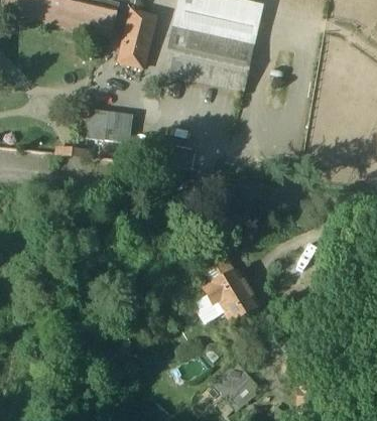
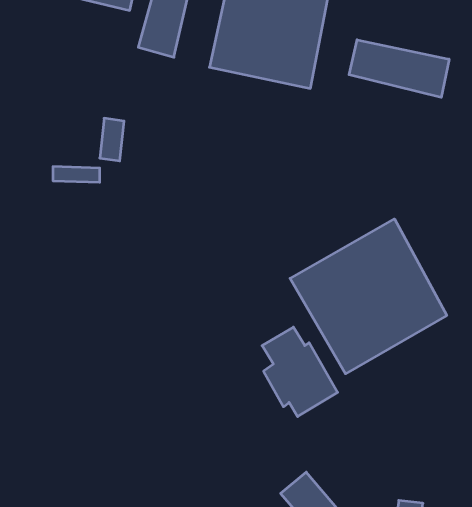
building: none -> [349,40,449,97]
building: [105,114,129,144] -> none
building: none -> [290,219,447,374]

